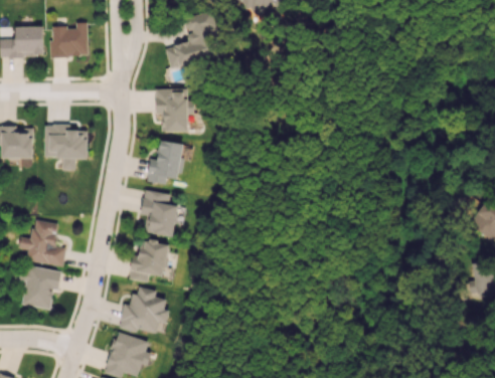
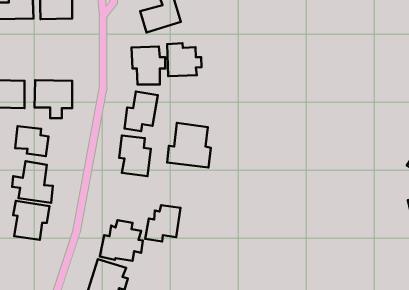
building: none -> [167,43,201,76]
building: none -> [167,123,211,167]
building: none -> [15,126,49,156]
building: [129,240,169,281] -> [145,205,181,241]

